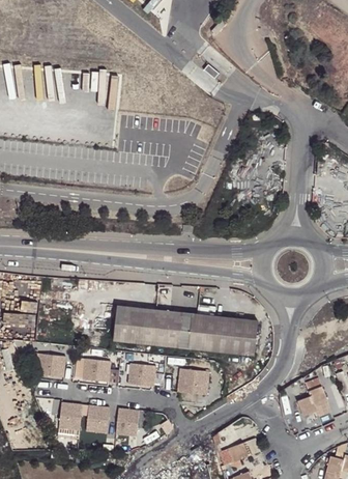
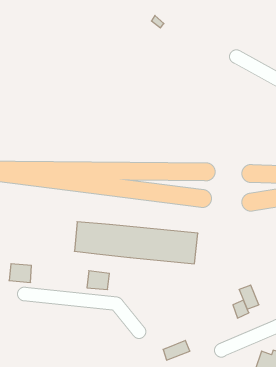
building: [83,359,109,381] -> none
building: [178,368,207,394] -> none
building: [59,403,108,435] -> none
building: [116,408,138,438] -> none

